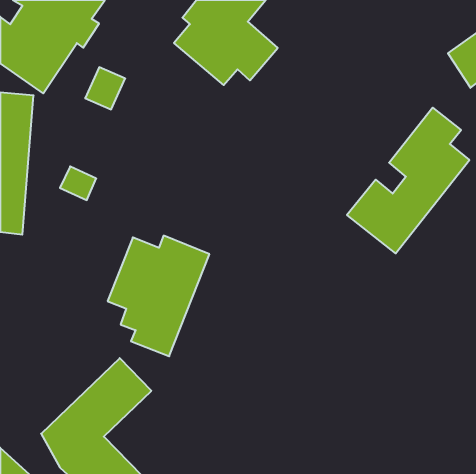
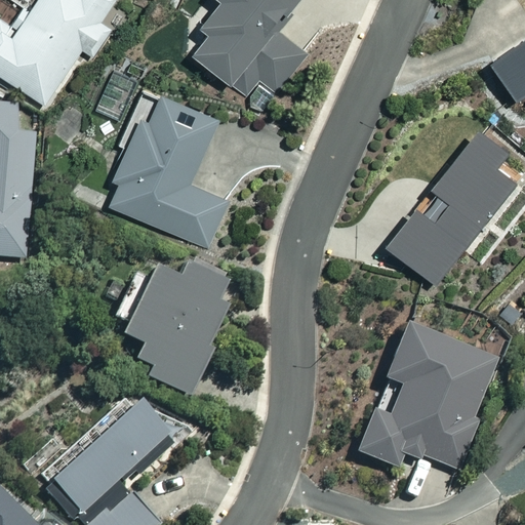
building: none -> [110,88,230,249]
building: none -> [356,326,494,472]

